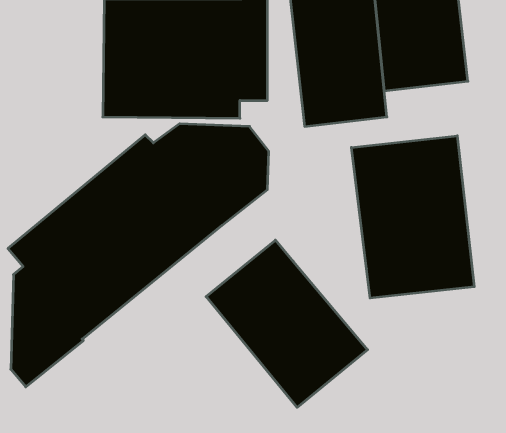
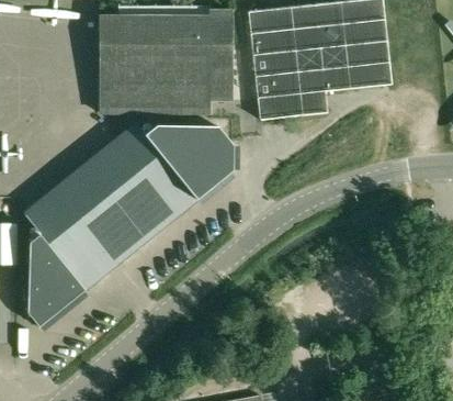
building: [351,136,474,298] -> none
building: [206,240,368,407] -> none

